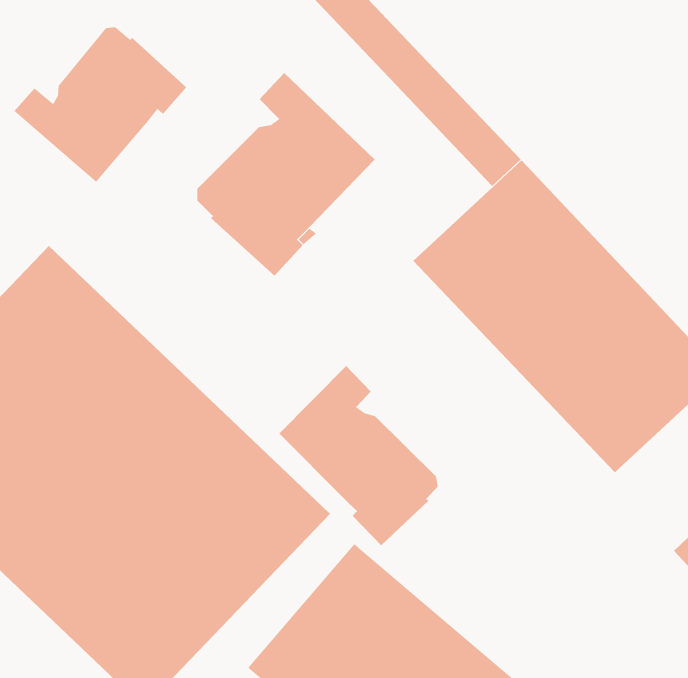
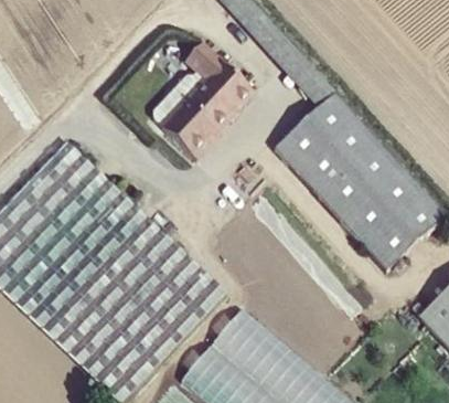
building: [13,27,187,183] -> none
building: [279,365,438,546] -> none

